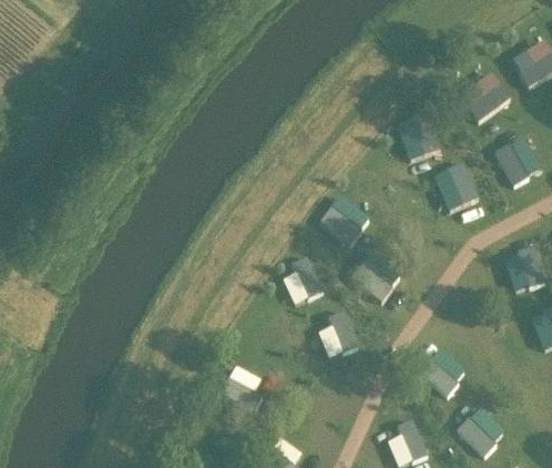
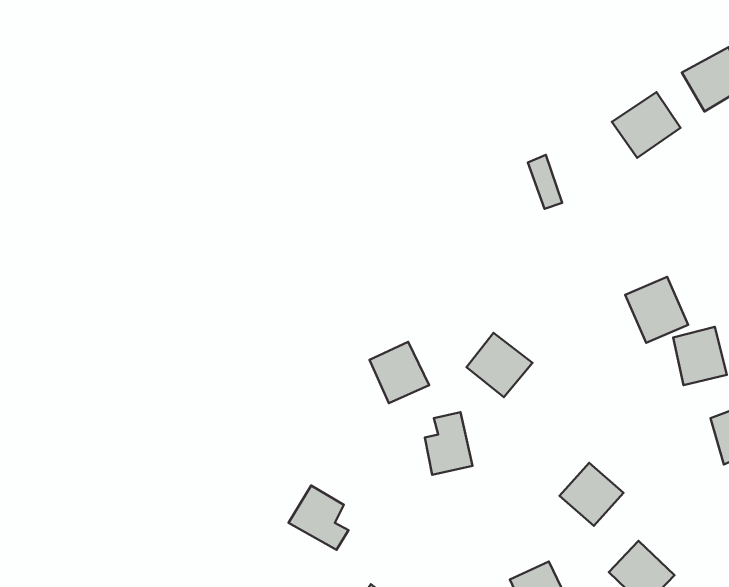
building: [495,138,541,185] -> none
building: [432,163,479,212] -> [625,277,688,343]
building: [319,194,370,245] -> none

